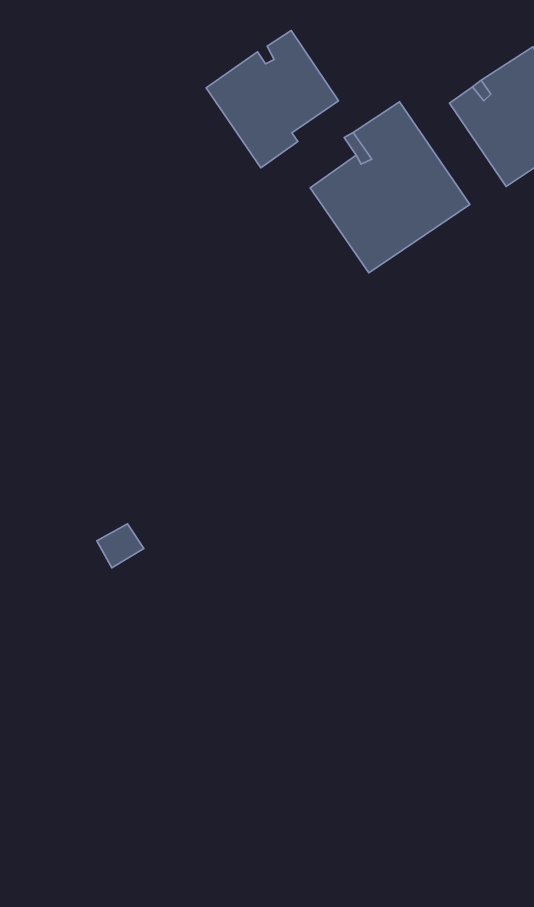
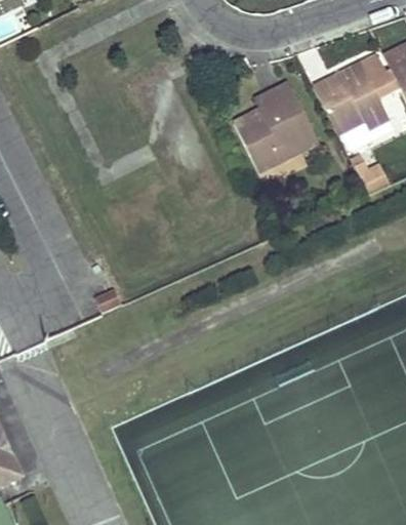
building: [206,30,338,168] -> none

